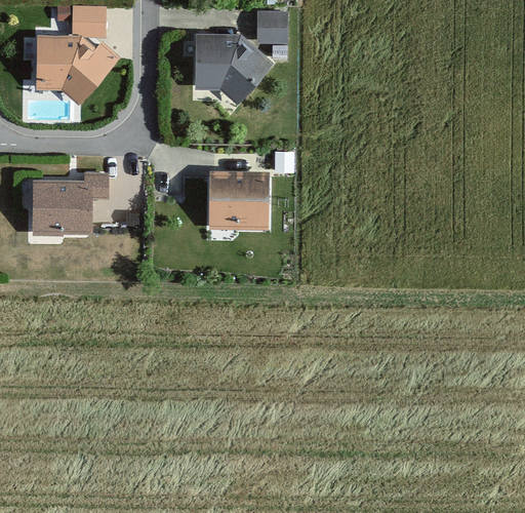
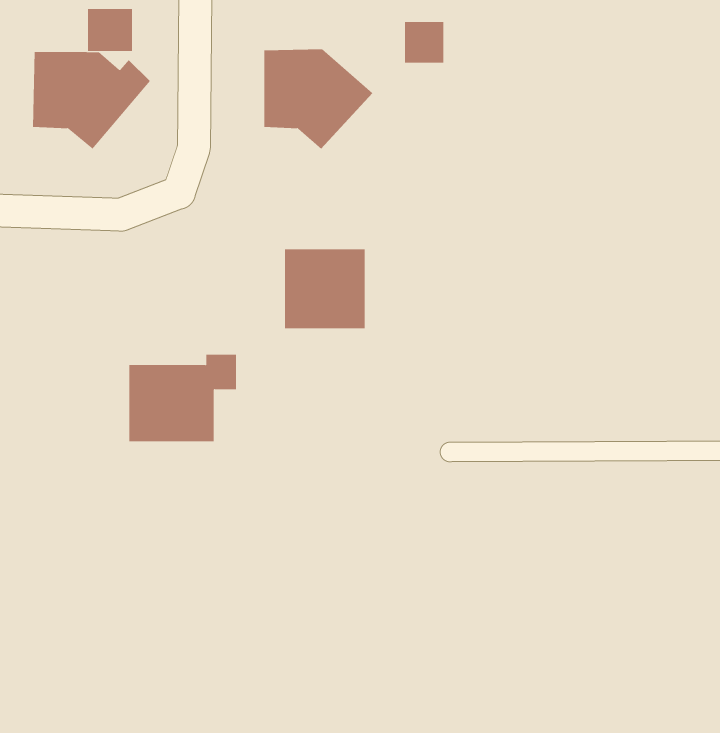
building: [258,13,286,42] -> [404,22,444,63]
building: [32,172,107,233] -> [129,354,237,442]

